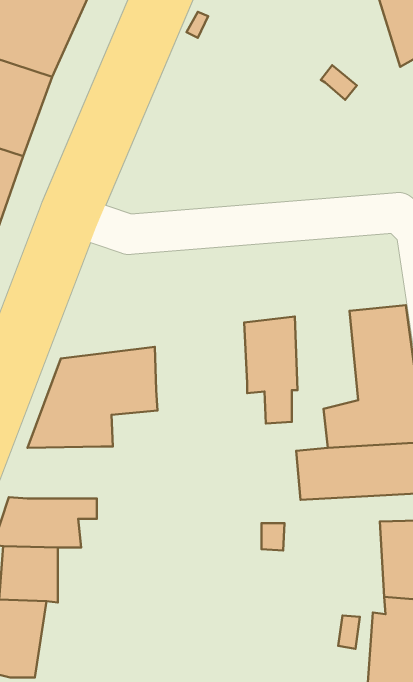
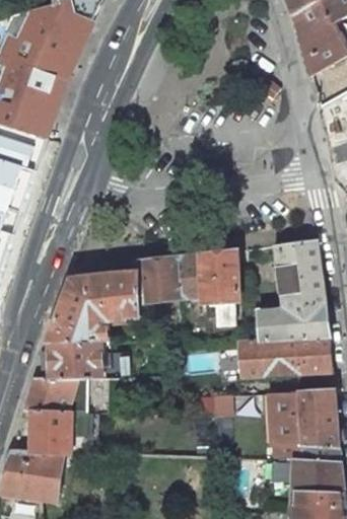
building: none -> [138,253,204,301]
building: none -> [50,341,102,378]
building: none -> [267,393,301,458]

